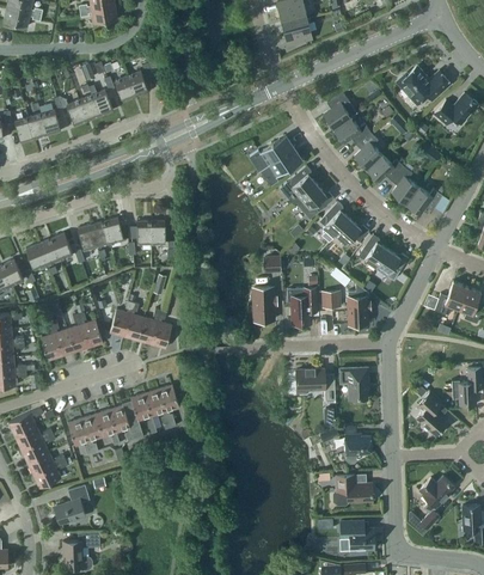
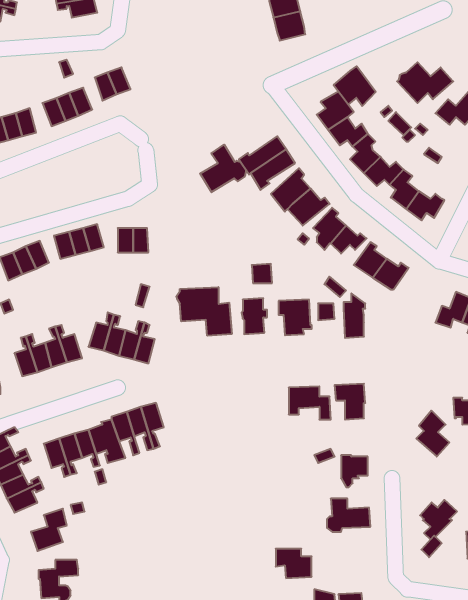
building: none -> [334,66,376,106]
building: none -> [200,145,246,192]
building: none -> [176,287,232,336]
building: [341,521,374,549] -> [276,549,312,578]

